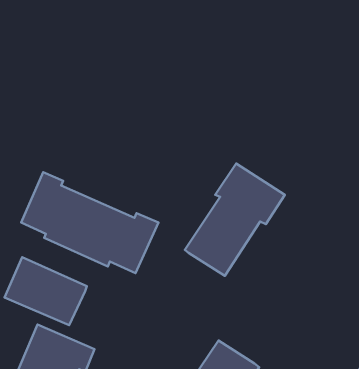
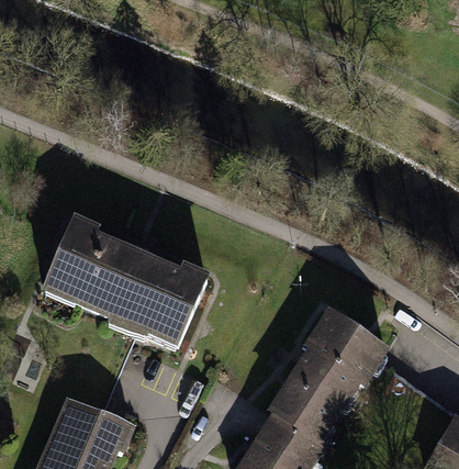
building: [185,163,285,276] -> [271,312,387,442]
building: [4,257,87,325] -> none

